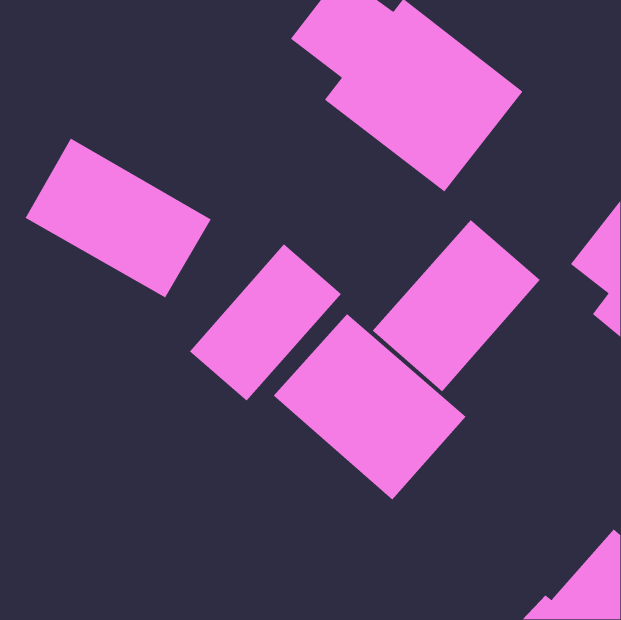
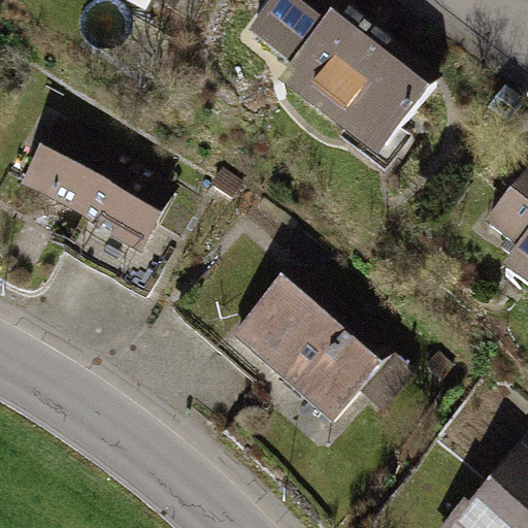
building: [372,219,541,393] -> none
building: [189,243,342,401] -> none

